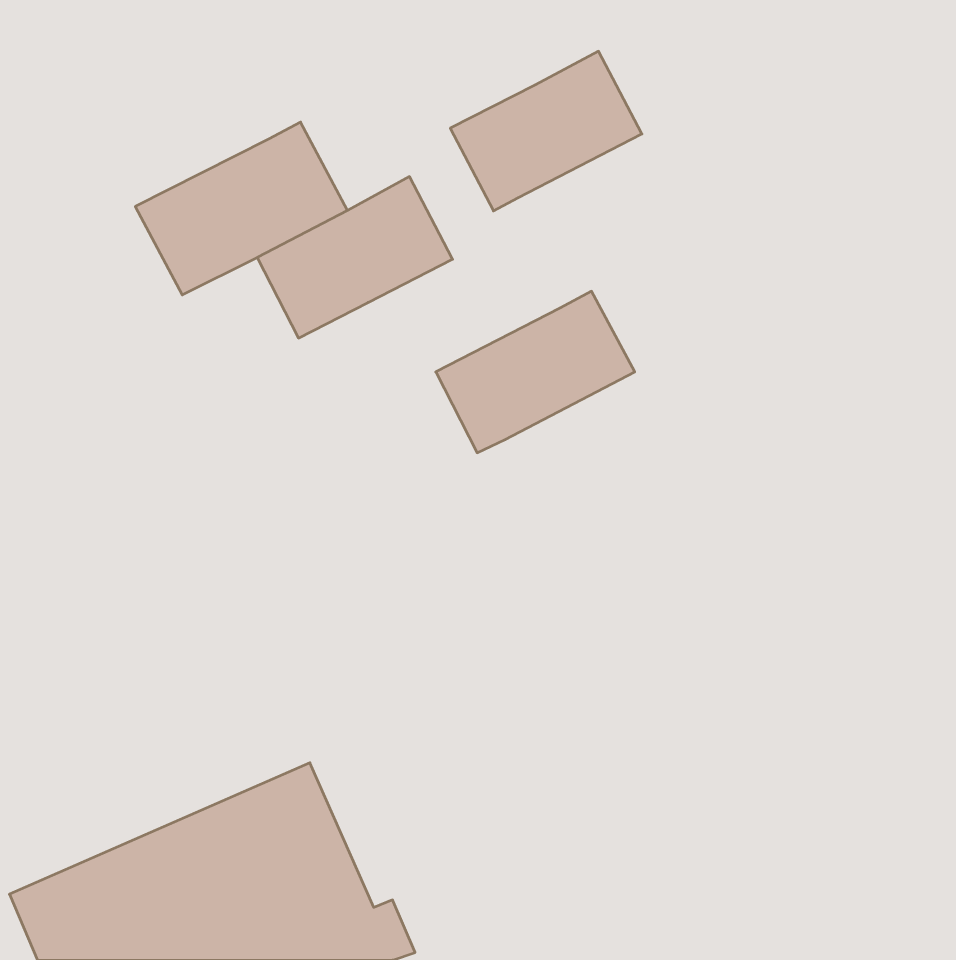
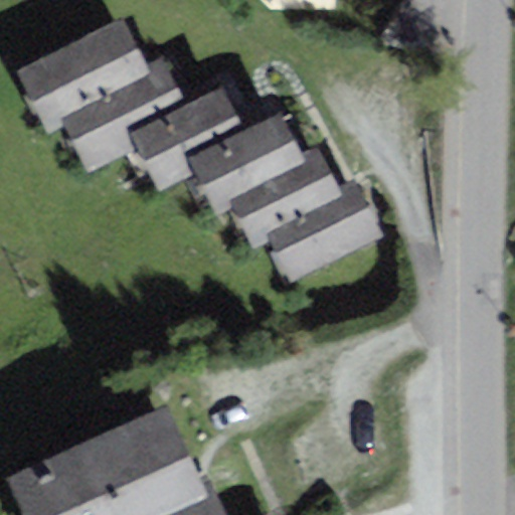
building: none -> [23,24,144,123]
building: [450,51,642,211] -> [197,121,300,206]
building: none -> [271,191,377,279]

